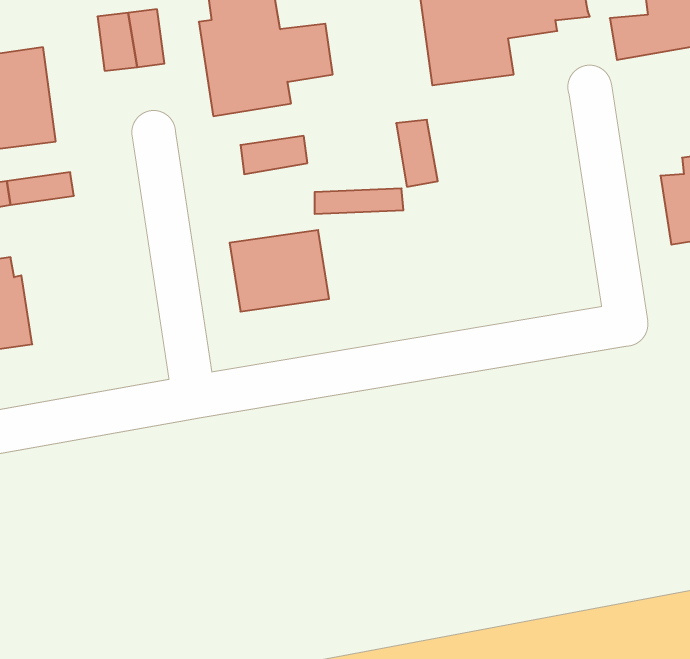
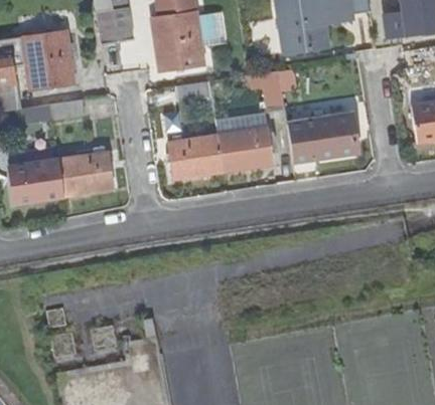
building: none -> [288,114,357,160]
building: none -> [220,127,273,172]
building: none -> [54,152,112,197]

